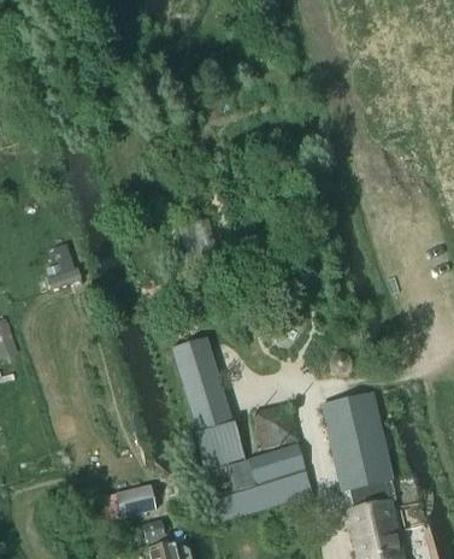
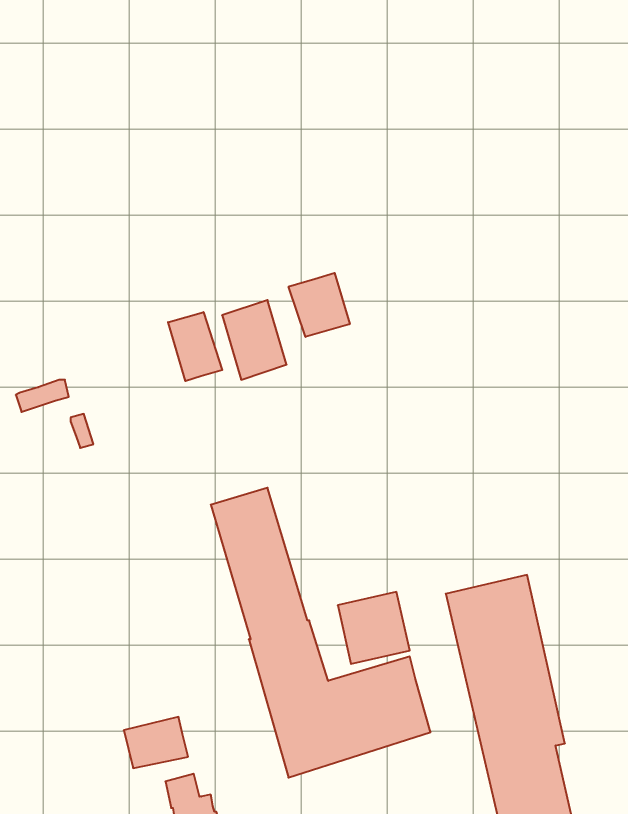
building: none -> [289,273,350,337]
building: none -> [168,312,222,381]

